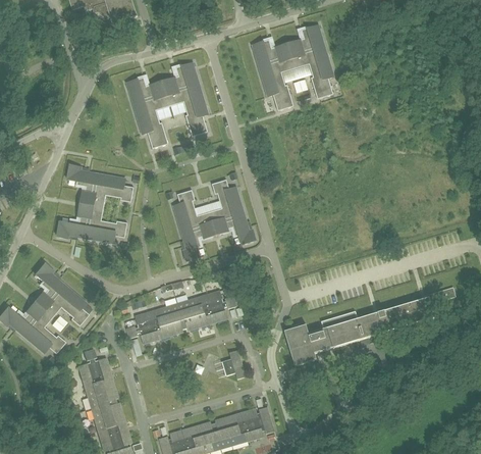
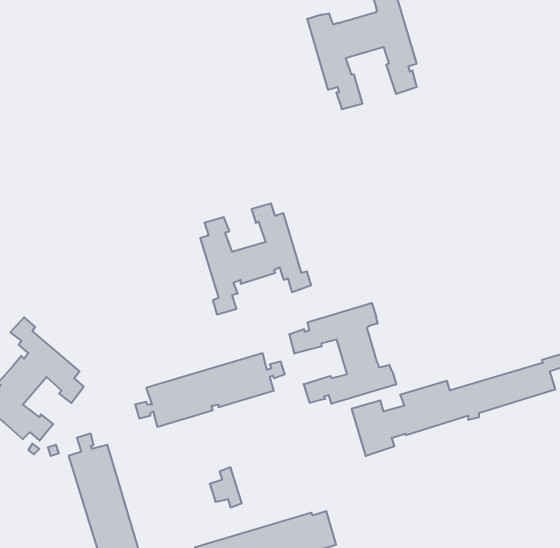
building: [126,62,207,148] -> none
building: [56,164,133,243] -> none
building: none -> [289,303,396,404]
building: [221,349,245,379] -> [210,467,242,507]

